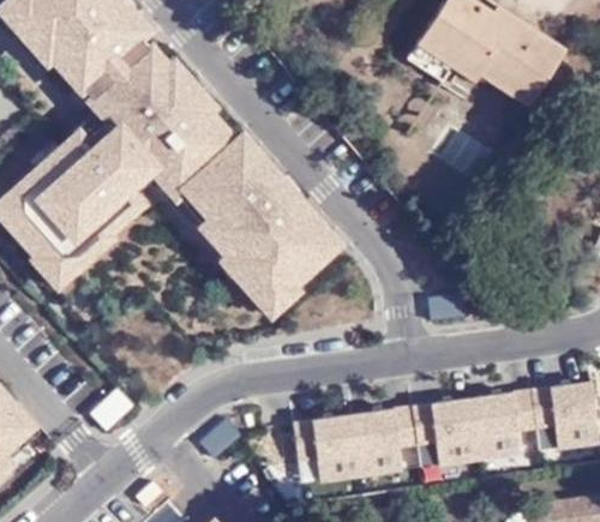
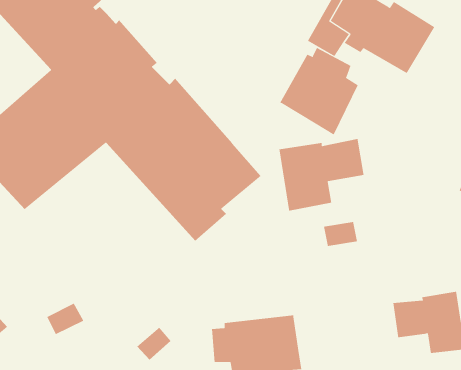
building: none -> [279,47,359,135]
building: none -> [279,138,364,212]
building: [388,392,516,470] -> none

